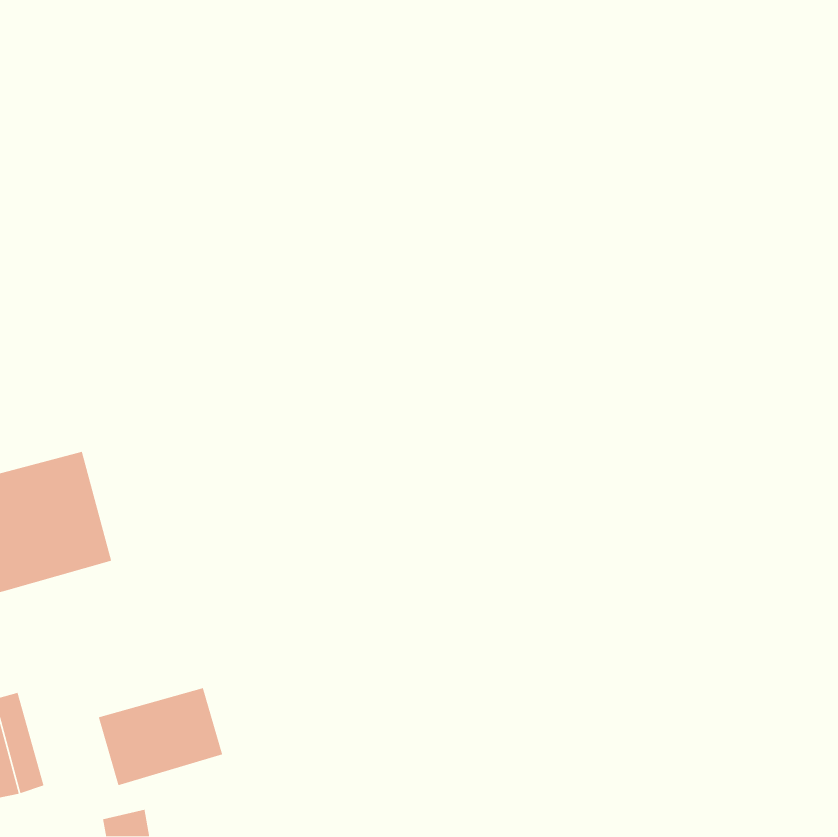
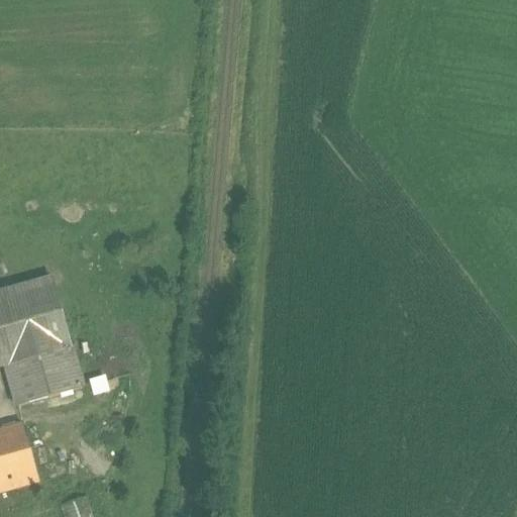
building: [98,687,223,786] -> [4,343,81,404]

